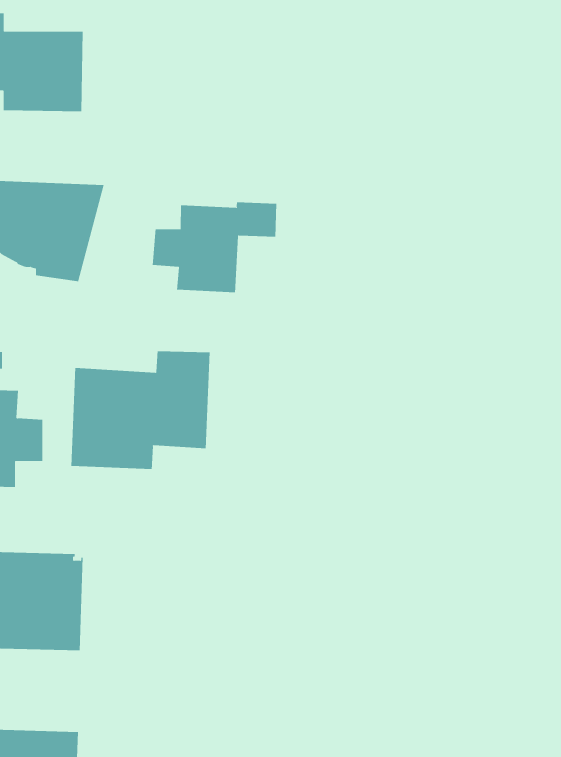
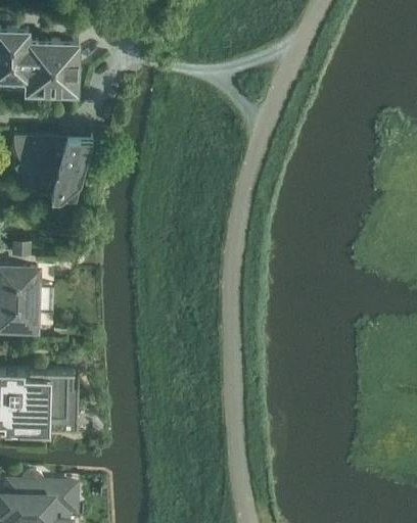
building: [152,201,277,293] -> none
building: [71,350,210,470] -> none

